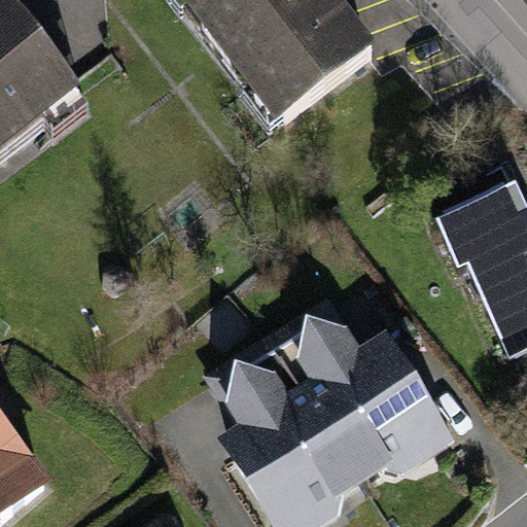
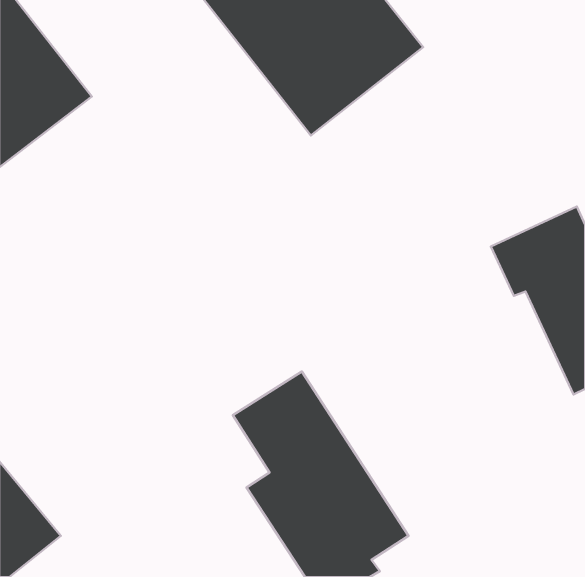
building: [271,295,456,481] -> none

